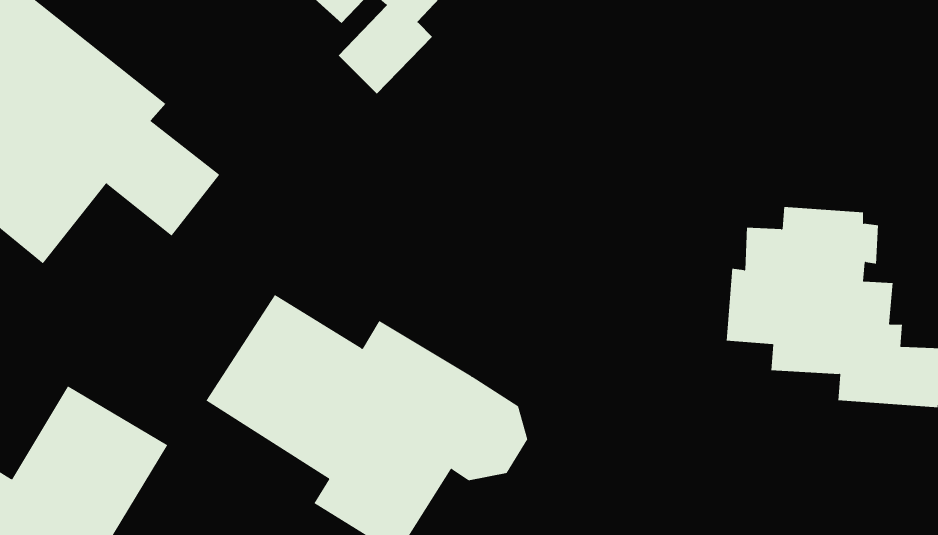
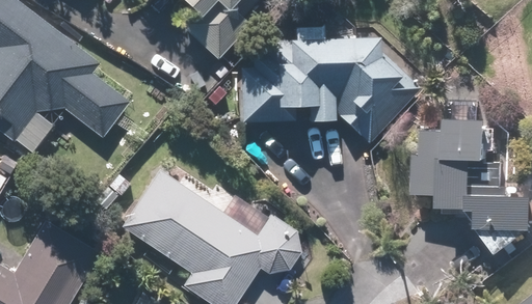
building: none -> [238,36,393,142]

